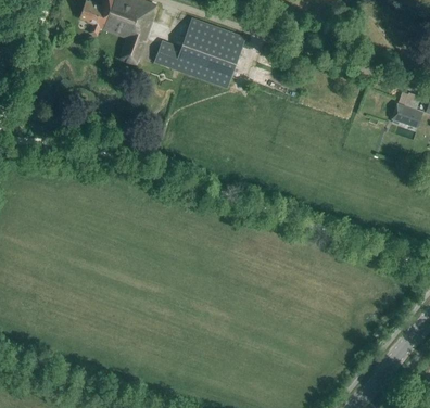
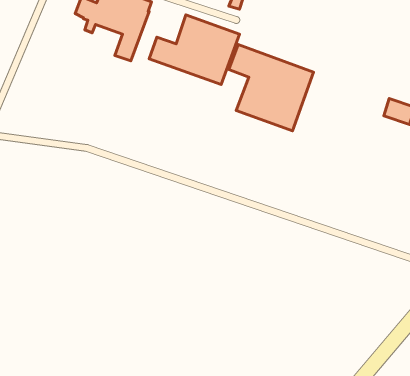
building: none -> [229,45,314,131]

